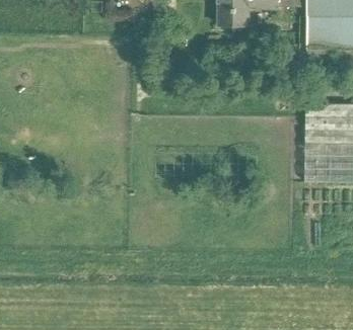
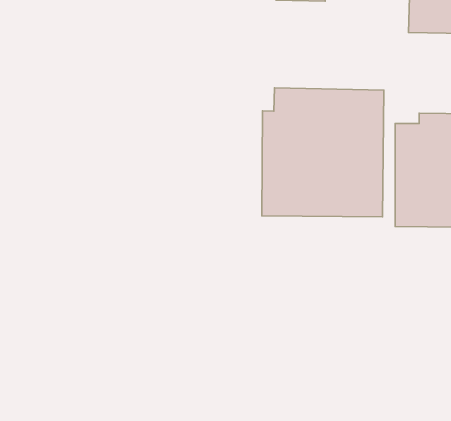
building: none -> [262,88,384,217]

